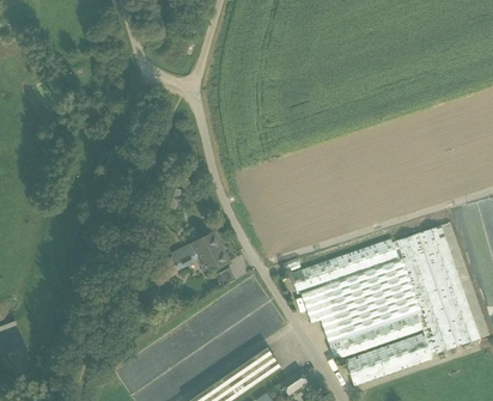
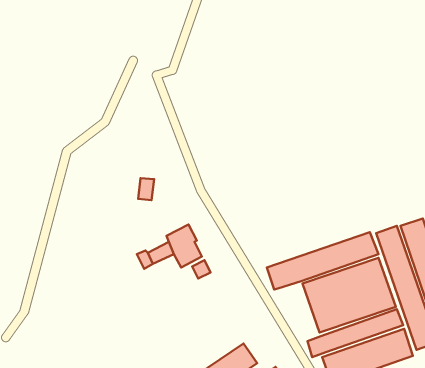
building: [302,287,343,346] -> none

